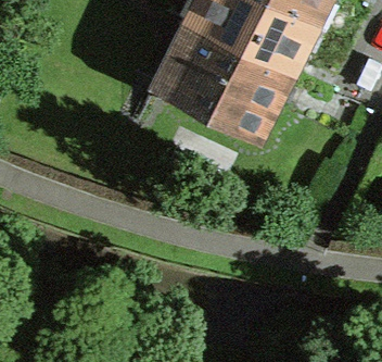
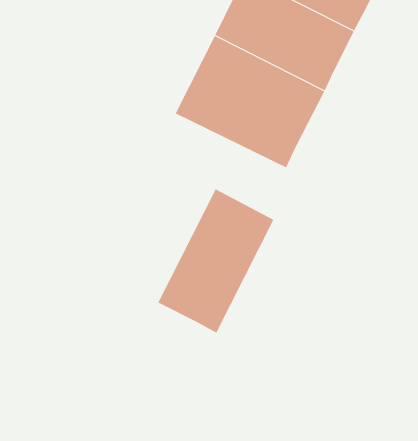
building: none -> [158,189,274,333]

